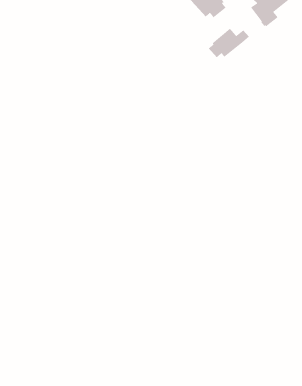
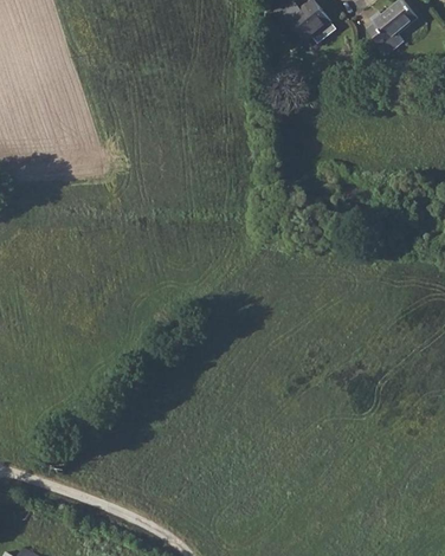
building: [208,28,250,58] -> none

